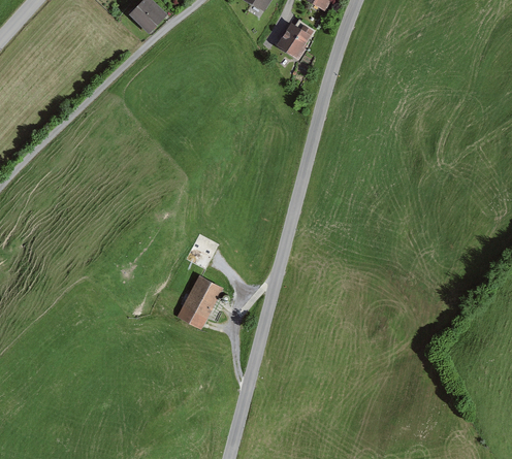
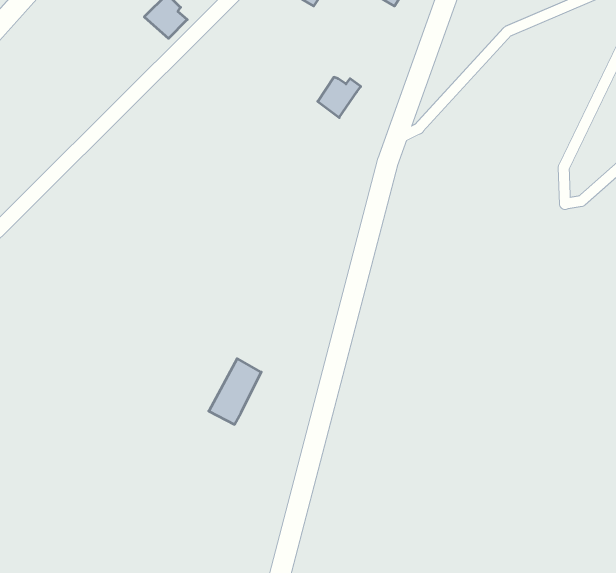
building: [279,25,312,56] -> [318,77,361,118]

